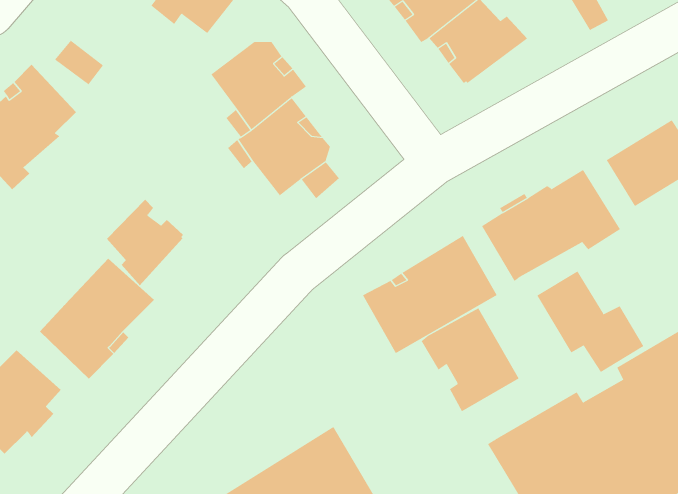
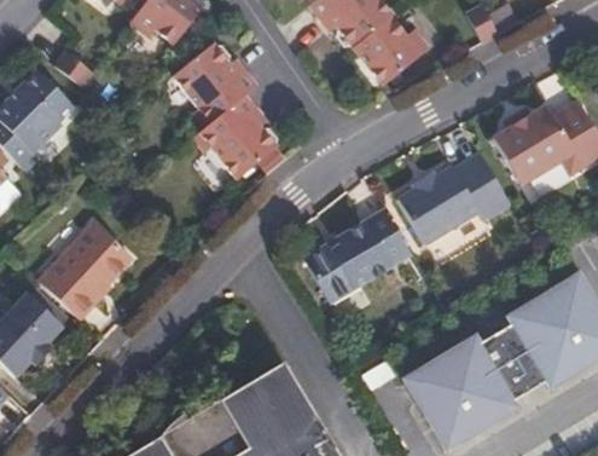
building: [106,199,184,286] -> none
building: [536,271,644,373] -> none
building: [421,308,519,412] -> none

